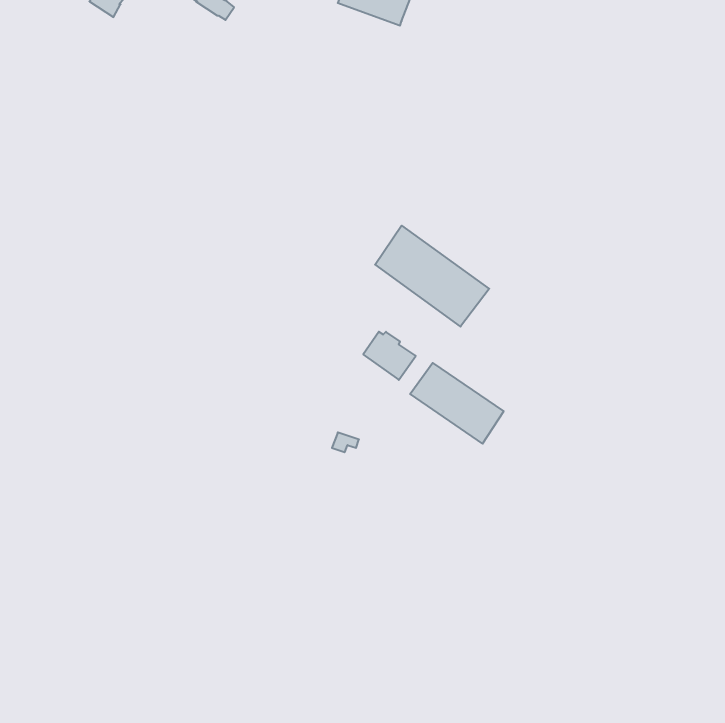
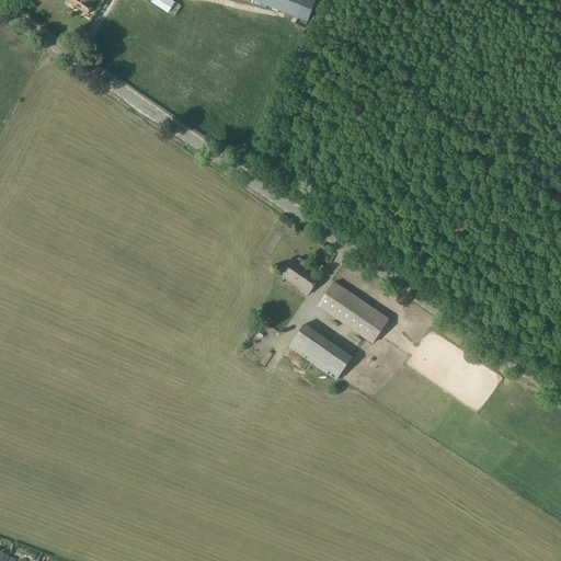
building: [375,226,489,327] -> none
building: none -> [288,322,353,379]

